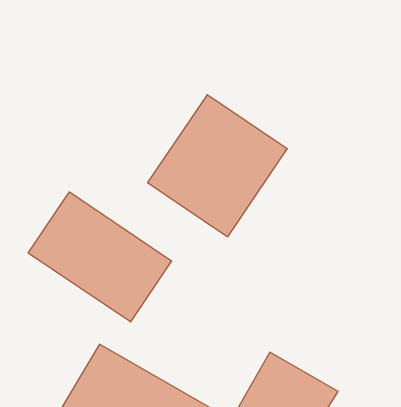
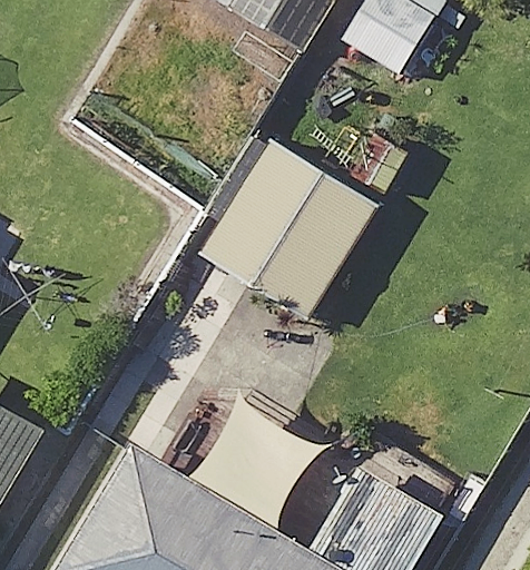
building: [28,192,172,322] -> none

